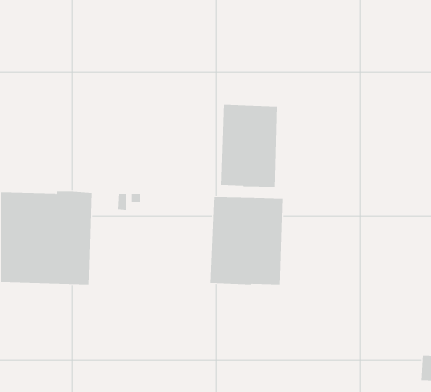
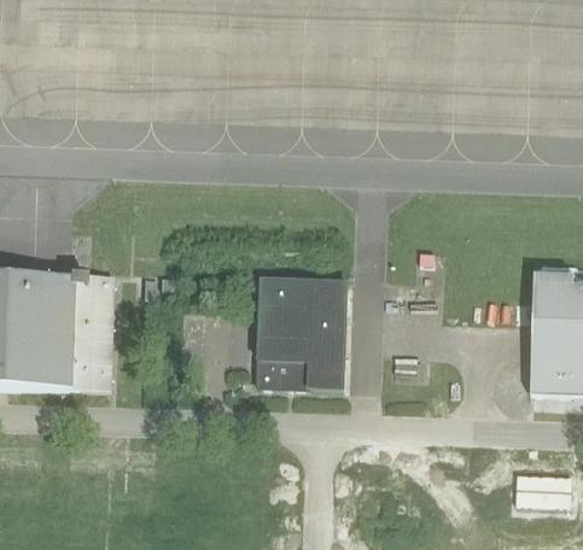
building: [221,104,277,188] -> none

